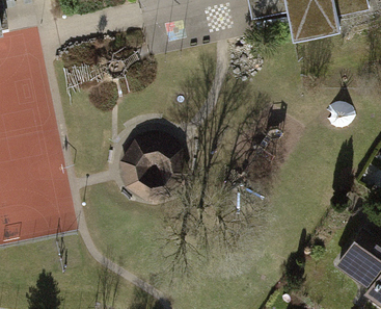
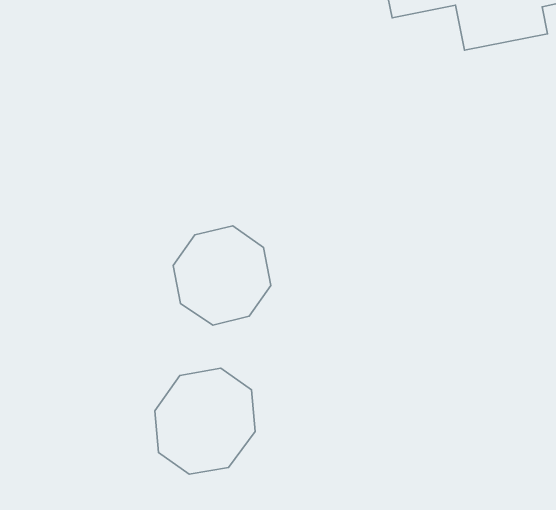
building: none -> [155,368,255,474]

